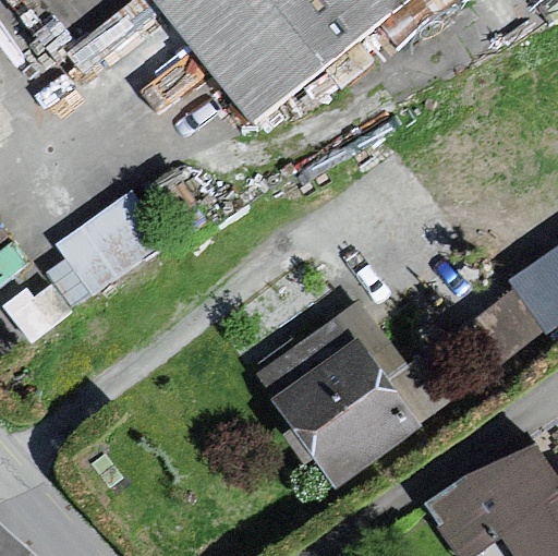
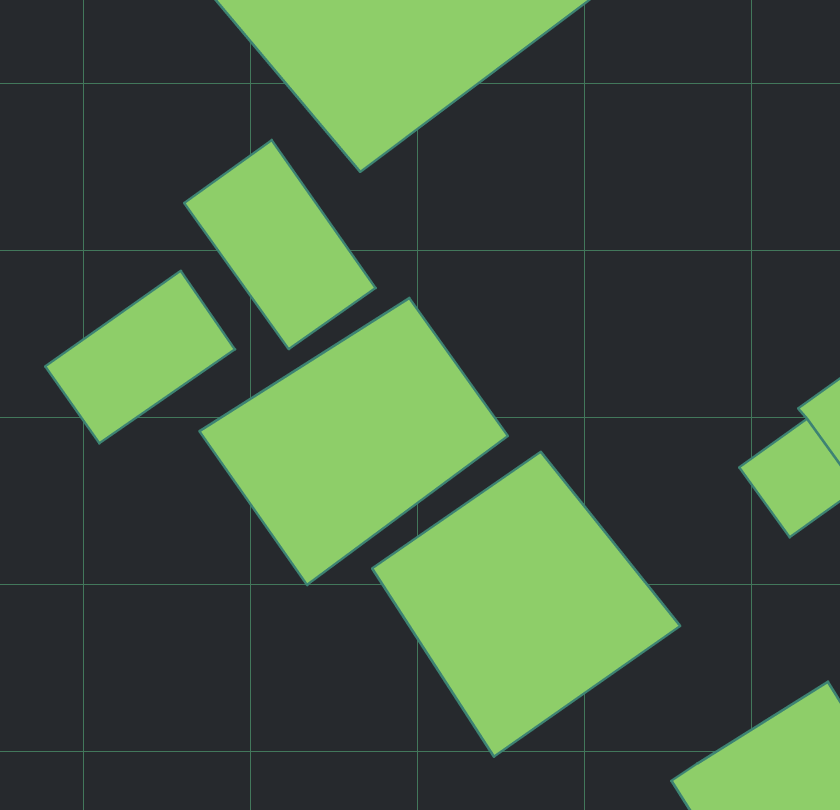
building: none -> [184,140,376,349]
building: none -> [200,298,508,585]

